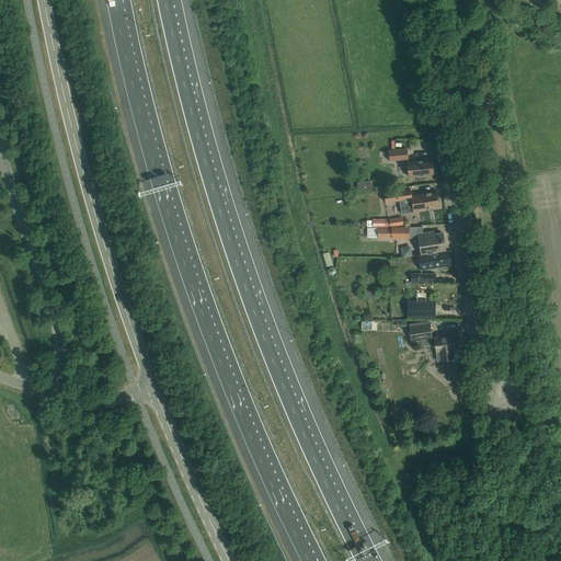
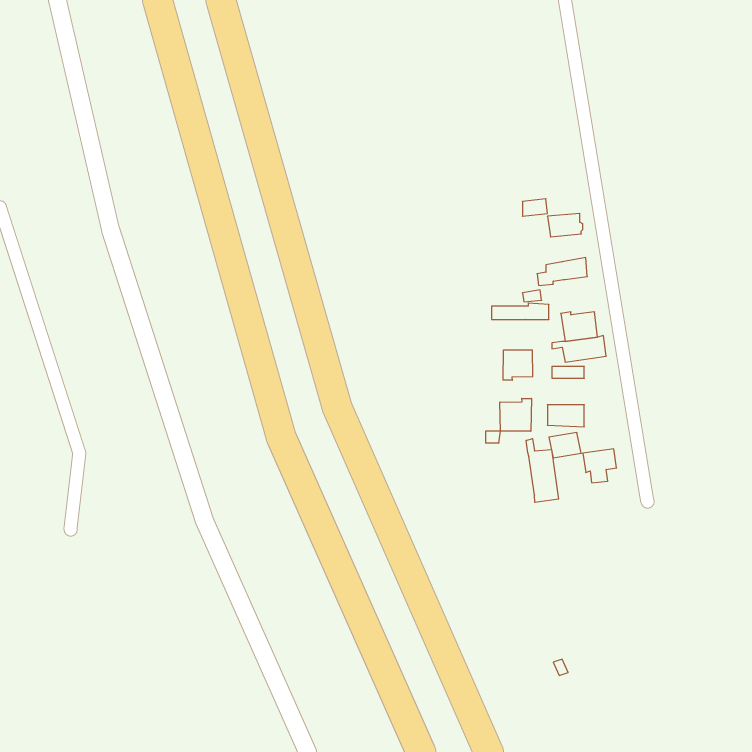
building: none -> [503,350,533,380]
building: none -> [500,398,531,431]
building: none -> [526,439,559,502]

